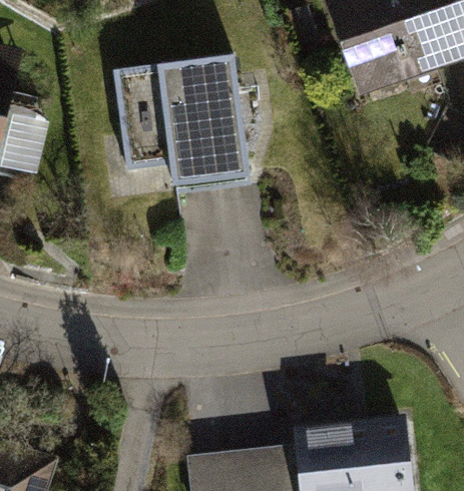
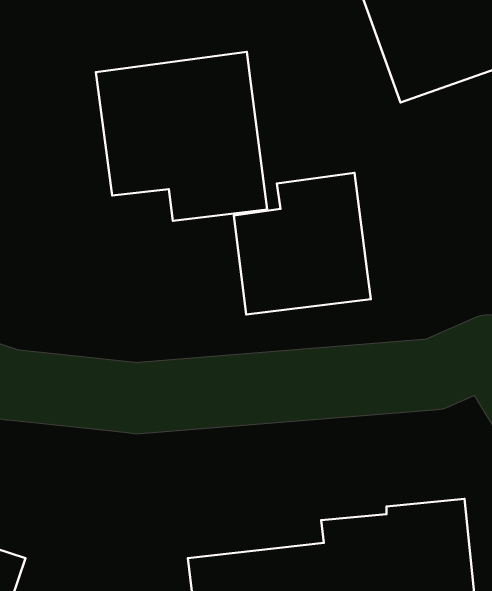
building: none -> [234,173,371,315]

